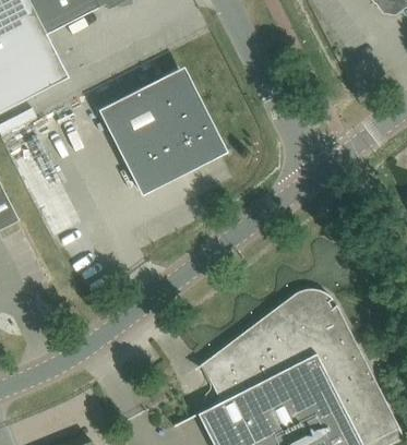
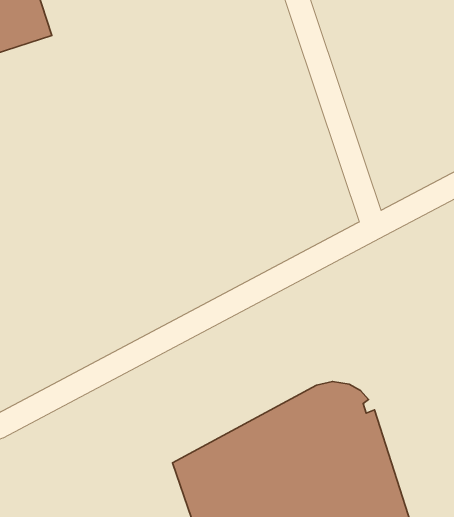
building: [98,69,218,189] -> none

